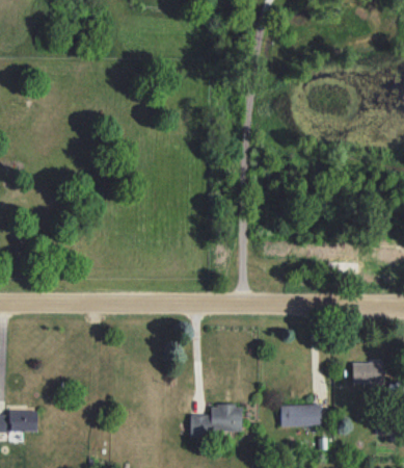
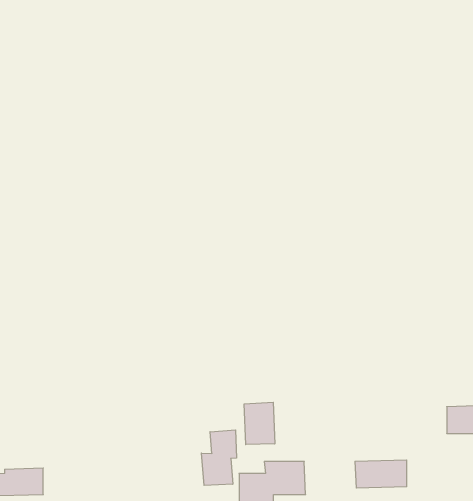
building: none -> [244,402,275,445]
building: none -> [201,430,236,485]

